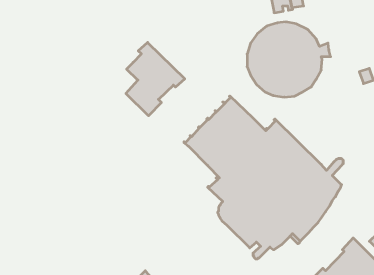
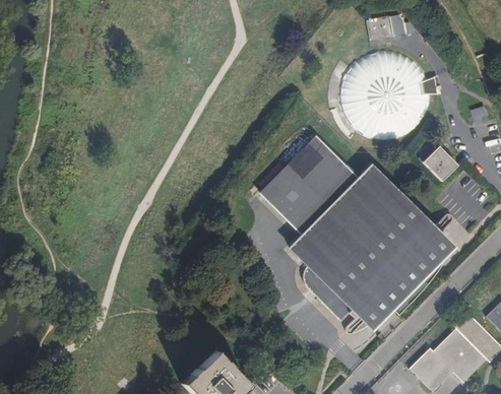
building: [126,42,185,116] -> none
building: none -> [419,144,457,180]

